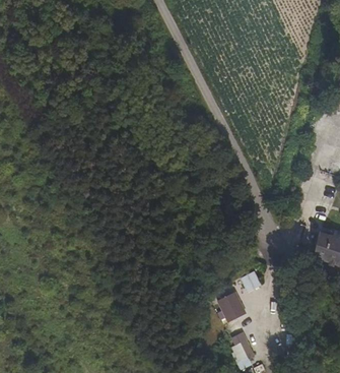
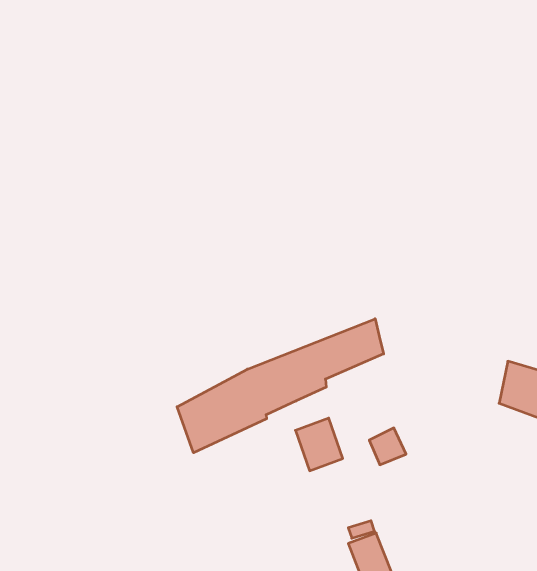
building: none -> [177,319,384,453]
building: [218,292,246,322] -> [295,418,343,471]

